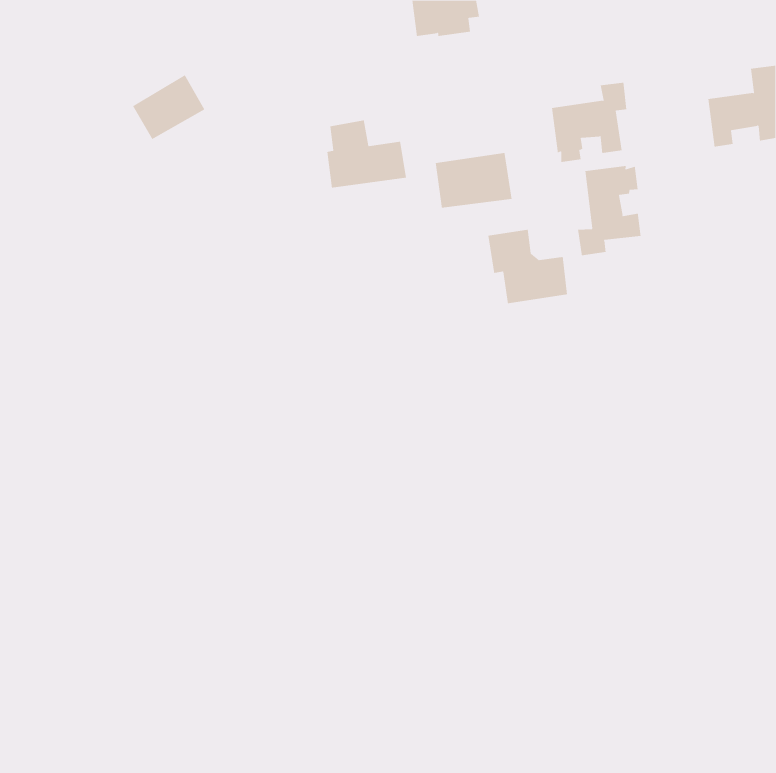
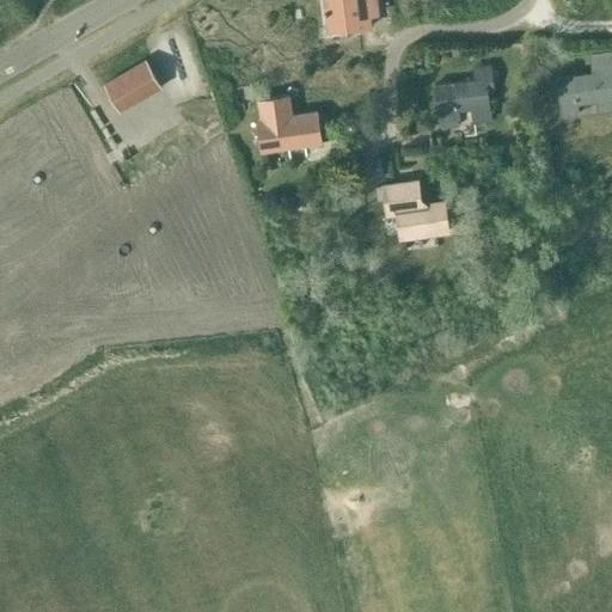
building: [435,152,512,209] -> none
building: [578,165,641,256] -> none

